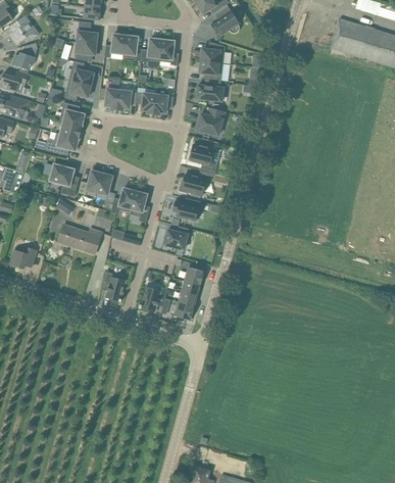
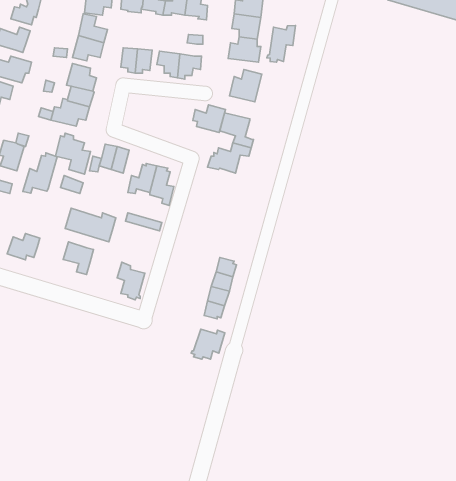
building: none -> [267,26,296,62]
building: none -> [23,153,57,193]
building: [171,197,199,221] -> [193,105,225,132]
building: [163,226,188,249] -> none
building: none -> [63,242,94,274]
building: [138,286,166,311] -> [191,329,225,359]

